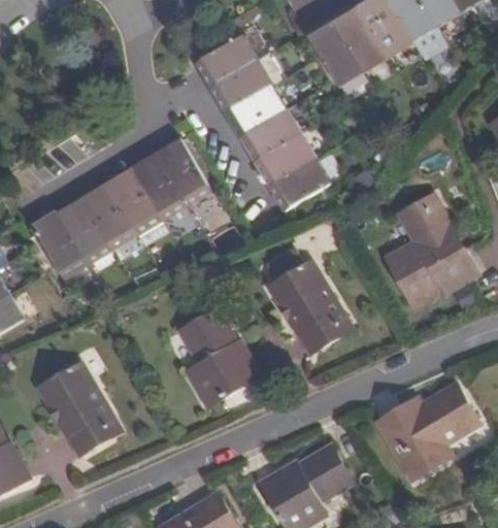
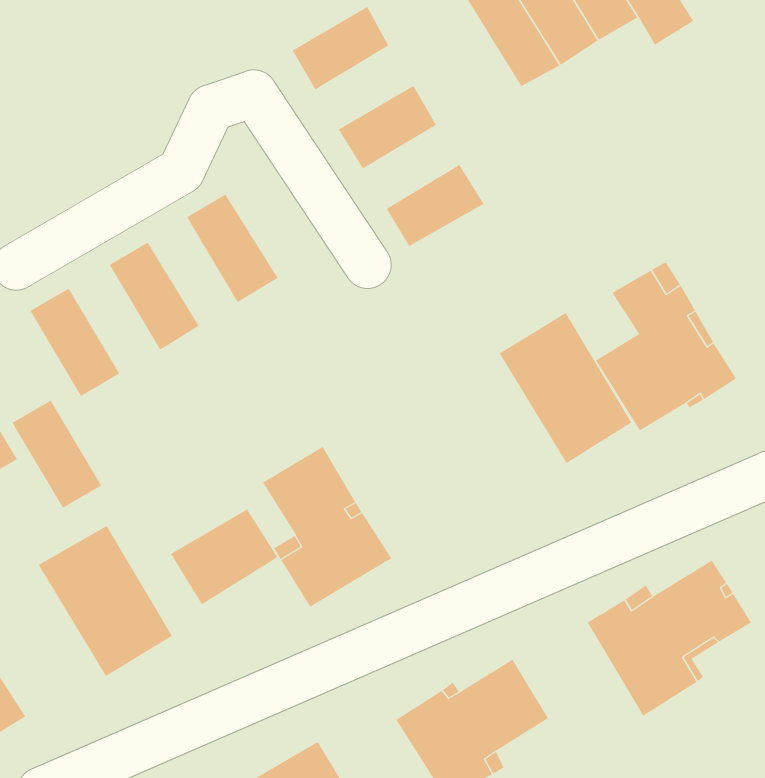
building: [209,52,283,111] -> none
building: [239,108,300,161] -> none
building: [154,137,210,204] -> none
building: [268,158,330,209] -> none
building: [105,166,161,234] -> none
building: [56,196,112,264] -> [12,400,102,508]
building: [269,261,353,356] -> [499,312,632,464]
building: none -> [170,509,278,605]

